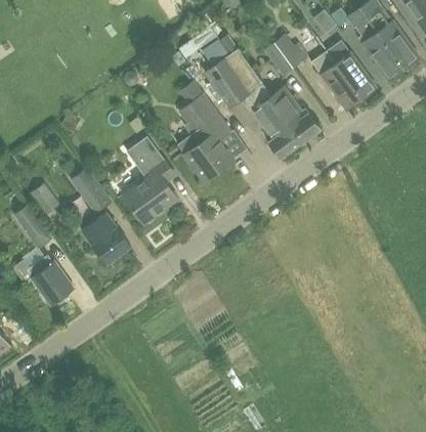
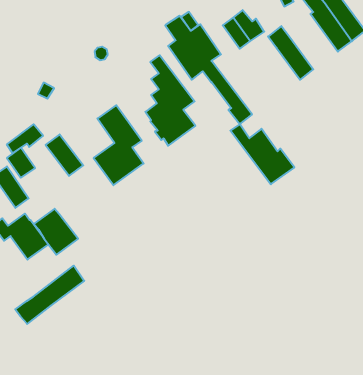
building: [326,42,375,98] -> none
building: [250,82,320,147] -> [230,124,294,184]
building: none -> [7,124,43,153]
building: [81,213,129,263] -> [34,209,78,255]
building: none -> [15,266,84,324]

